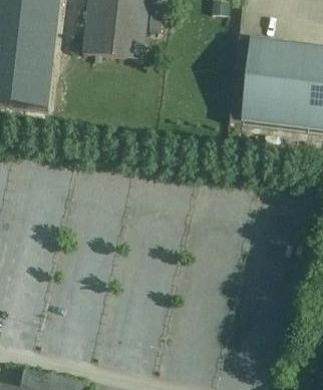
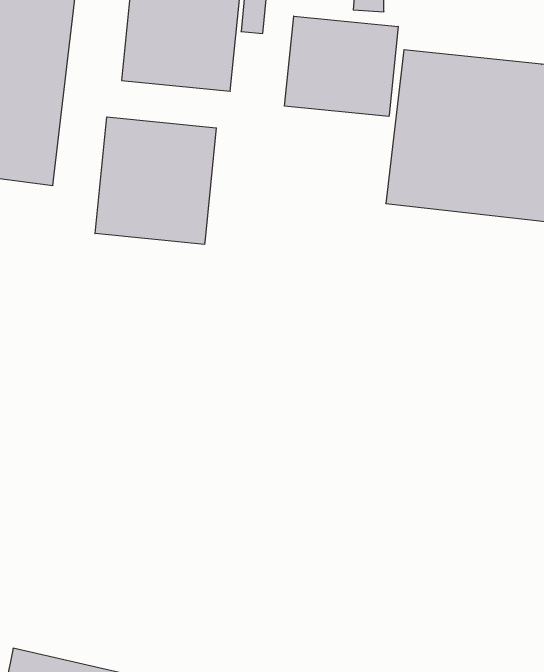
building: none -> [285,16,398,116]
building: none -> [95,117,216,244]

